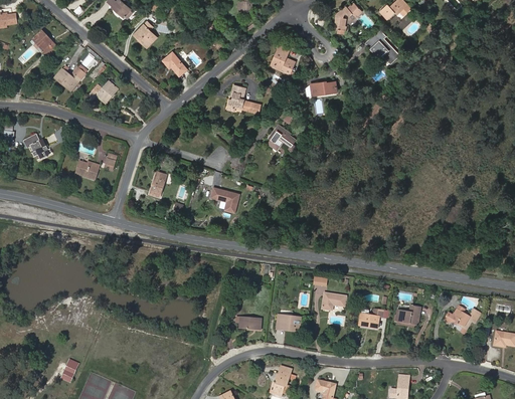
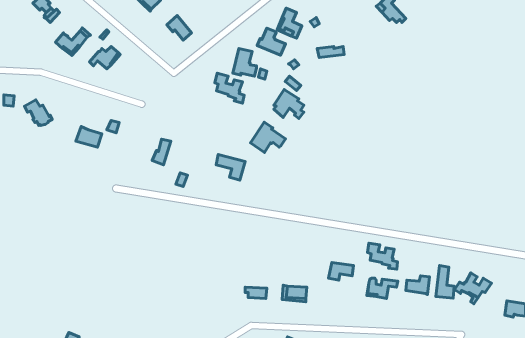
building: none -> [257,28,286,55]
building: none -> [215,73,244,103]
building: none -> [250,122,285,152]
building: none -> [368,243,398,269]
building: none -> [436,265,454,298]

